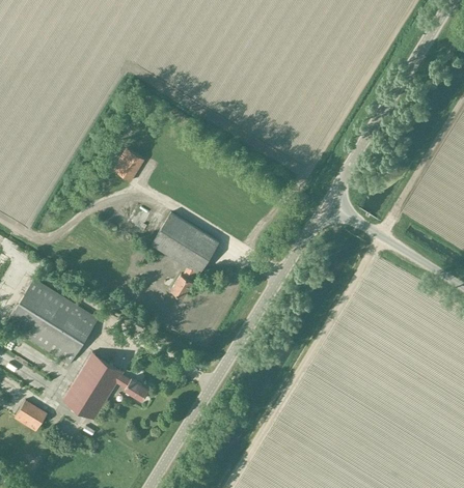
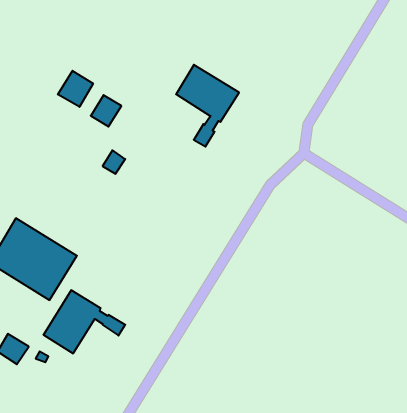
building: none -> [58,71,93,107]
building: [152,212,218,298] -> [176,65,239,147]

